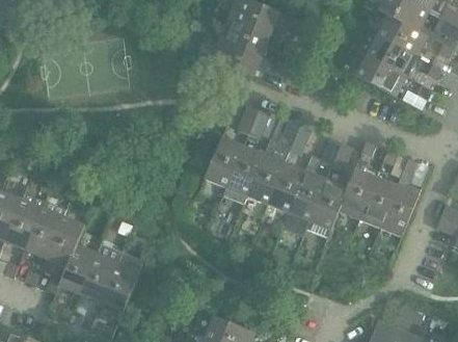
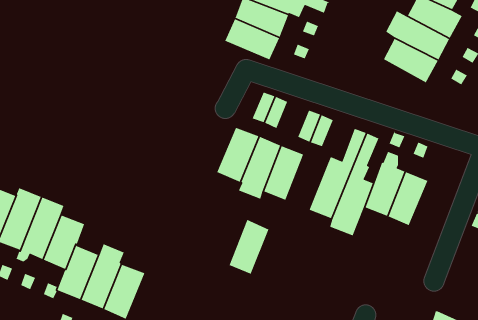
building: [379,157,420,236] -> none
building: [267,161,304,212] -> [229,219,270,275]

